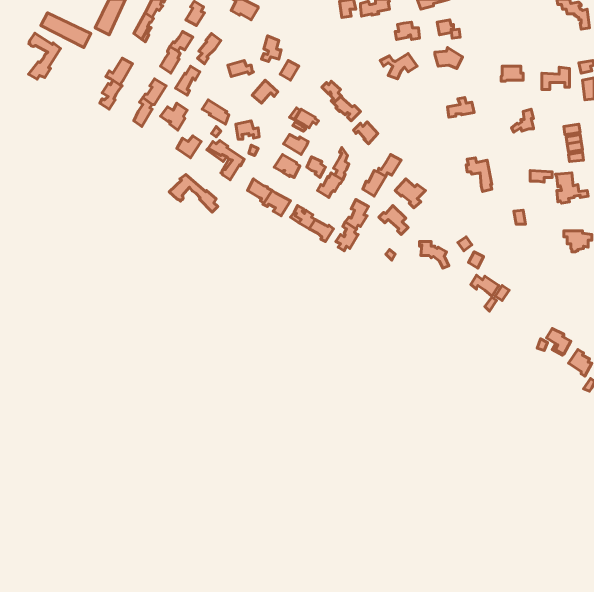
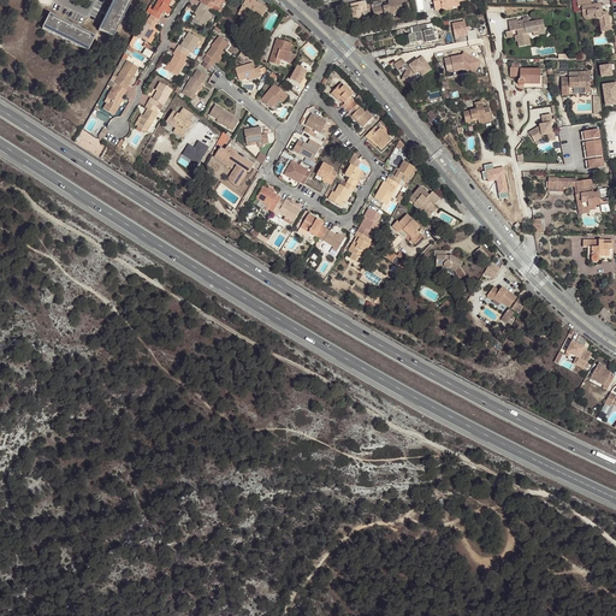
building: none -> [509,18,544,46]
building: [28,33,60,79] -> none
building: [169,174,218,212] -> none

